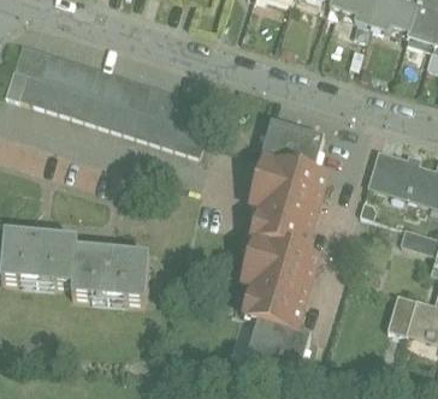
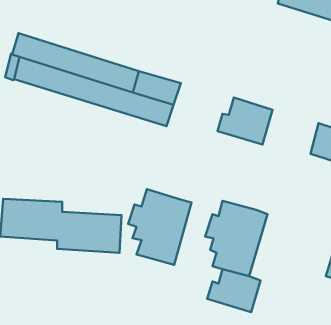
building: [253,162,327,251] -> [128,189,192,265]

